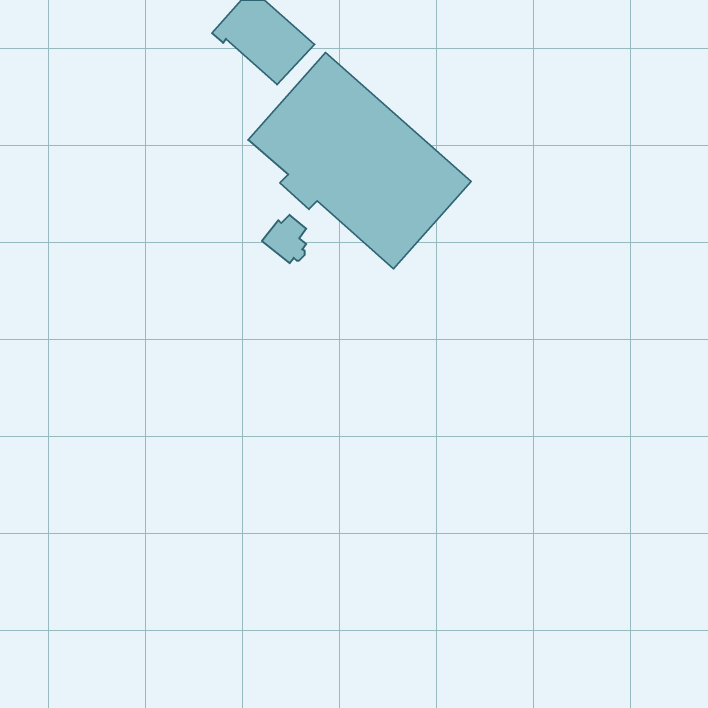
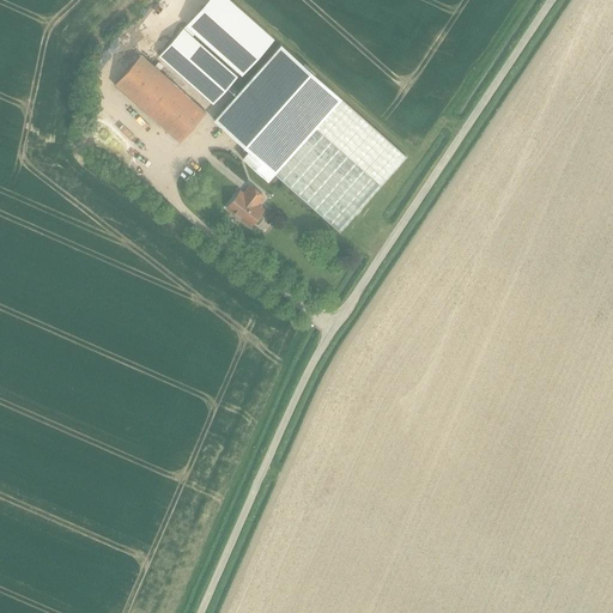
building: none -> [158,29,237,104]
building: none -> [115,55,206,142]

